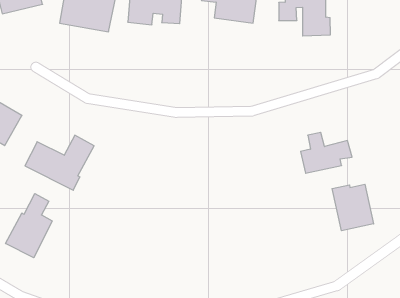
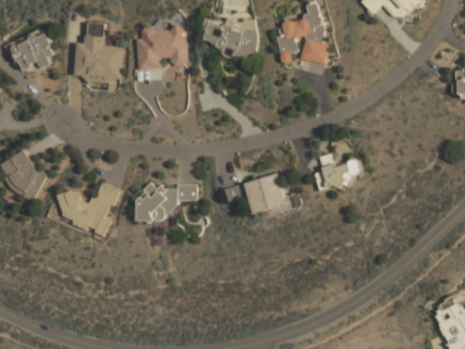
building: none -> [137,186,196,221]
building: none -> [224,174,285,214]
building: [332,184,374,231] -> none
building: [6,194,52,258] -> none

